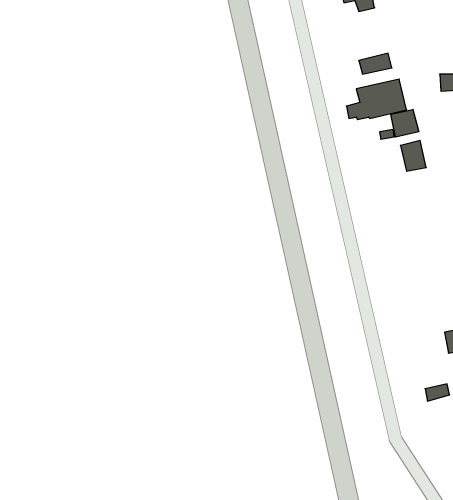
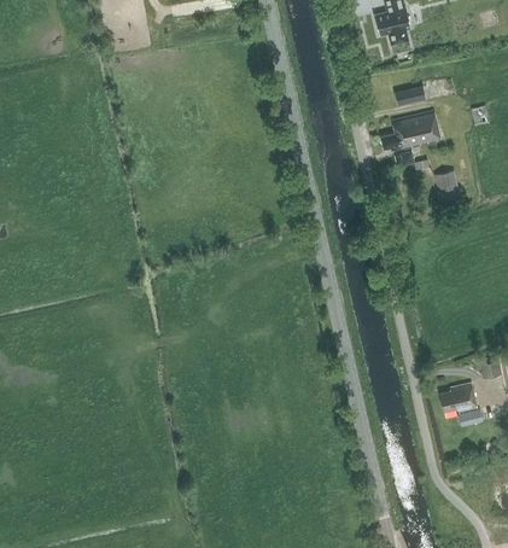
building: [391,109,419,137] -> none
building: none -> [439,381,477,412]

